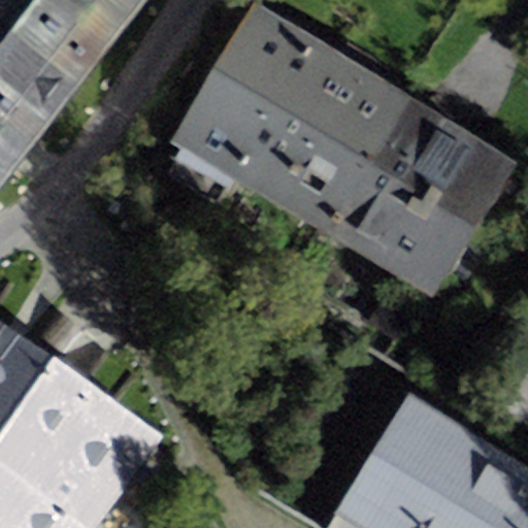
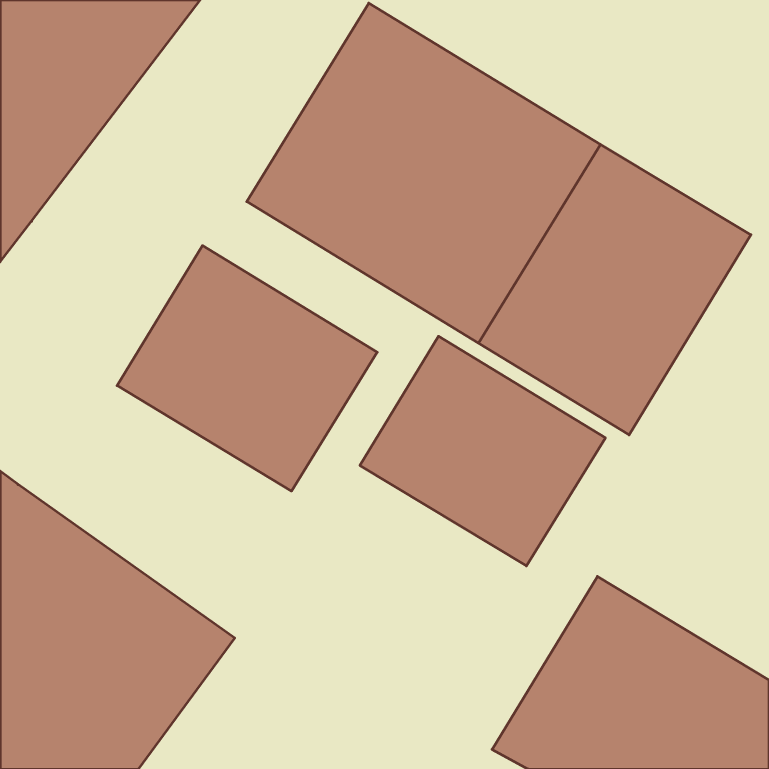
building: none -> [117,246,377,491]
building: none -> [360,336,605,566]

